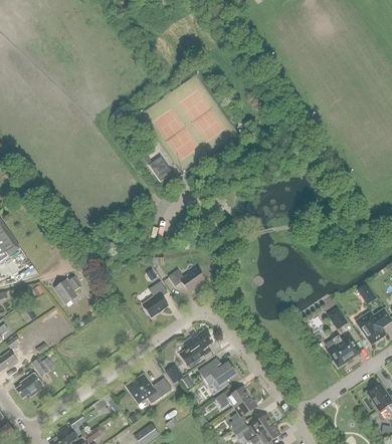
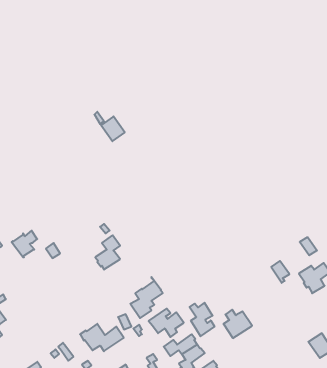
building: [168,268,204,291] -> none
building: [329,334,359,364] -> [223,310,252,338]
building: none -> [190,303,214,336]

